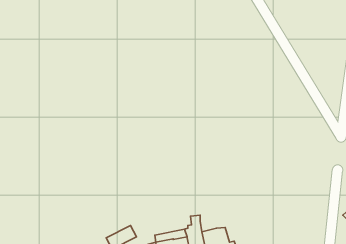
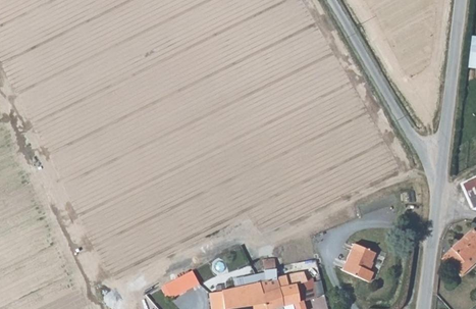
building: none -> [342,242,375,280]

